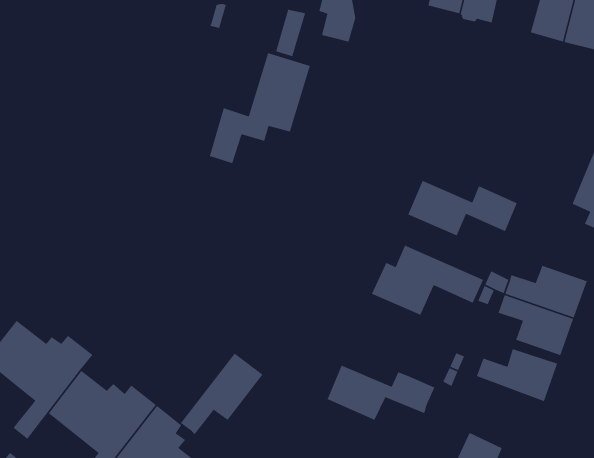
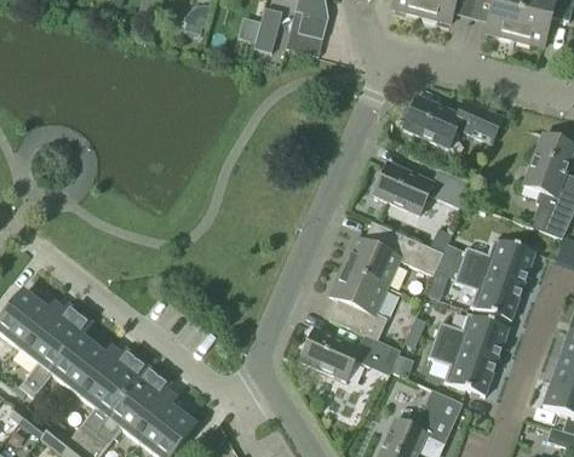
building: [209,52,311,164] -> none
building: none -> [403,96,503,148]
building: none -> [329,265,388,339]
building: [180,352,264,435] -> none
building: none -> [429,339,498,396]

